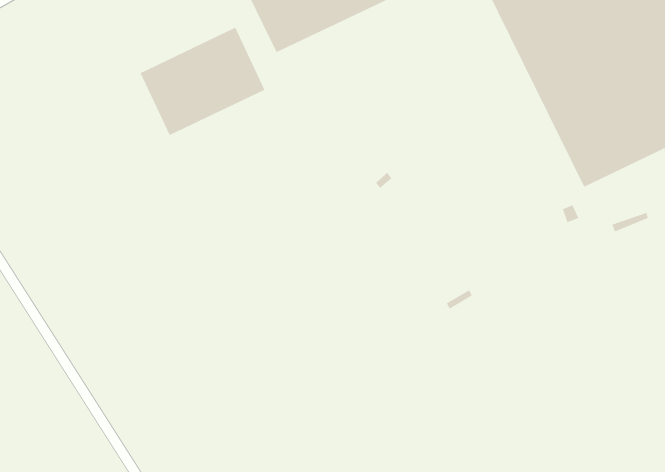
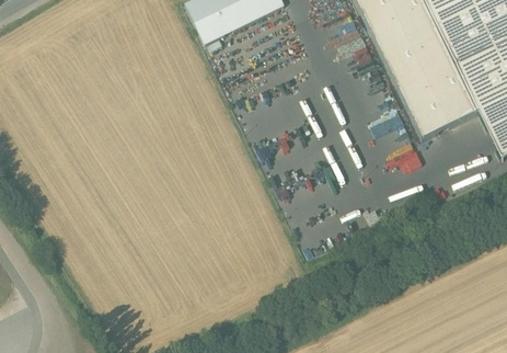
building: [140,27,265,136] -> none

